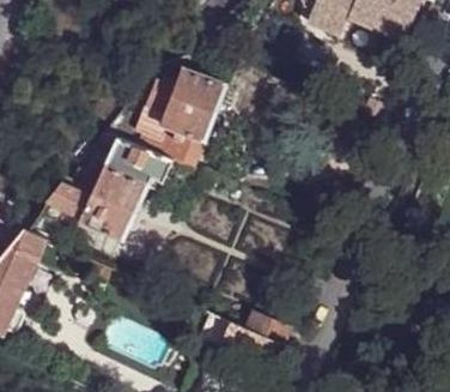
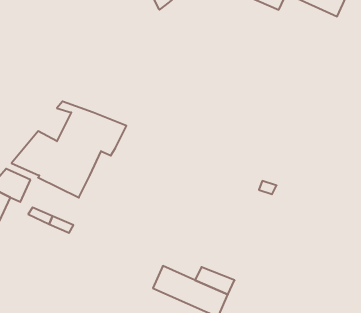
building: [138,67,227,169] -> none

